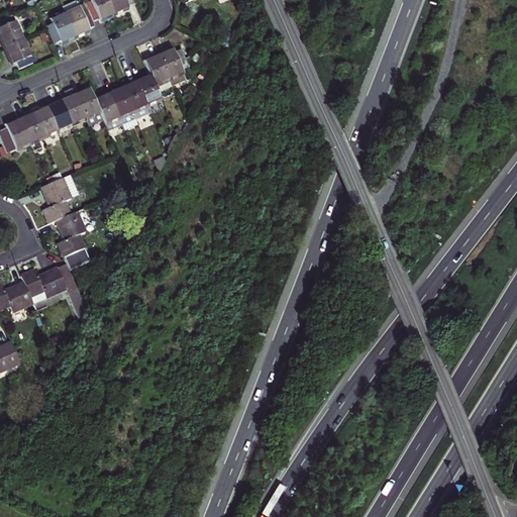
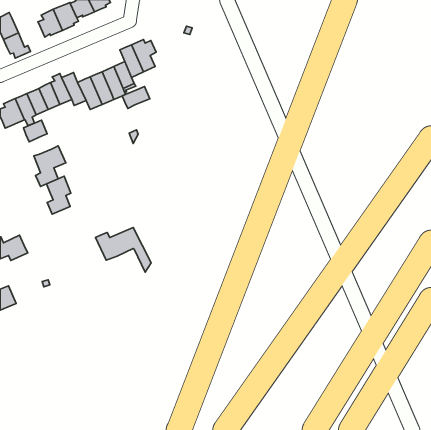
building: none -> [122,87,150,108]
building: none -> [23,120,47,142]
building: [20,264,87,317] -> [95,227,151,272]

